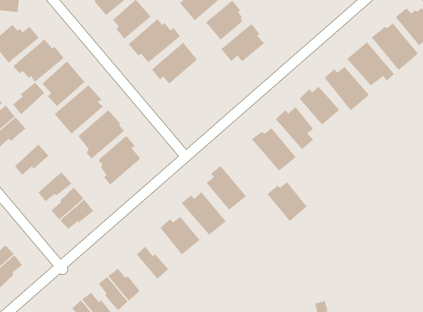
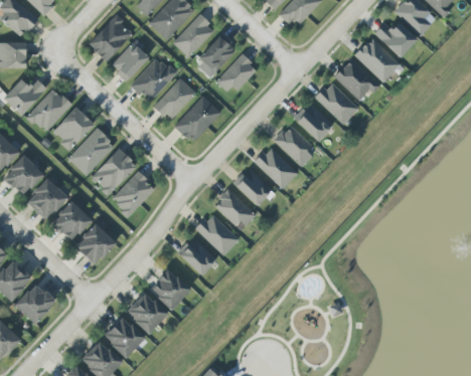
building: none -> [174,96,221,141]
building: [12,82,45,115] -> [28,178,57,210]
building: none -> [52,200,82,232]
building: [266,181,307,222] -> [232,169,272,206]
building: none -> [150,279,181,311]

